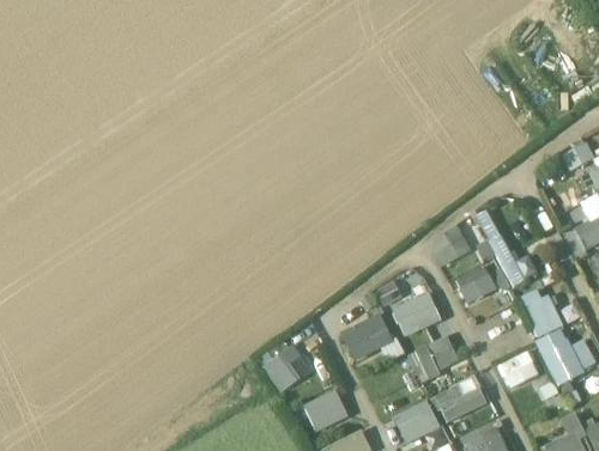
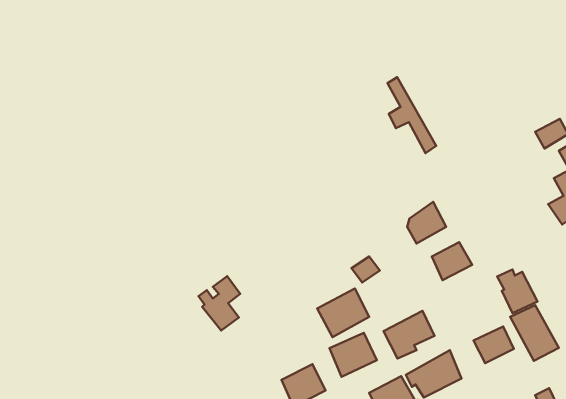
building: [476,209,525,286] -> [388,77,436,153]
building: [393,292,441,336] -> [330,333,377,377]
building: [259,336,301,391] -> [199,276,240,331]

